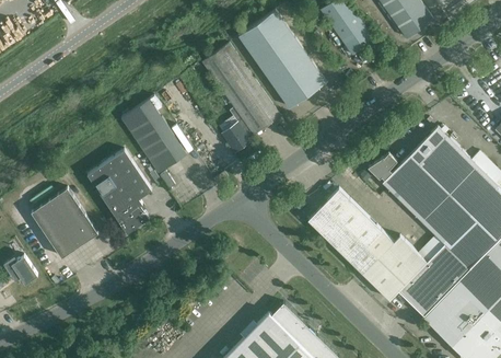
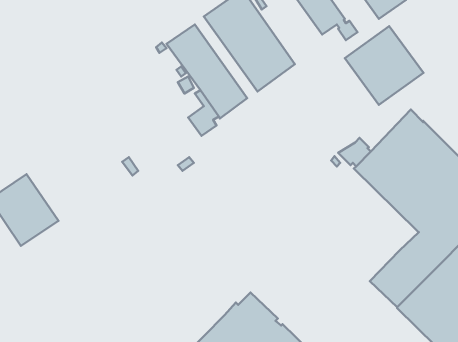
building: none -> [345,26,423,105]
building: [120,99,186,173] -> none
building: [86,150,151,233] -> none
building: [307,188,426,300] -> none

